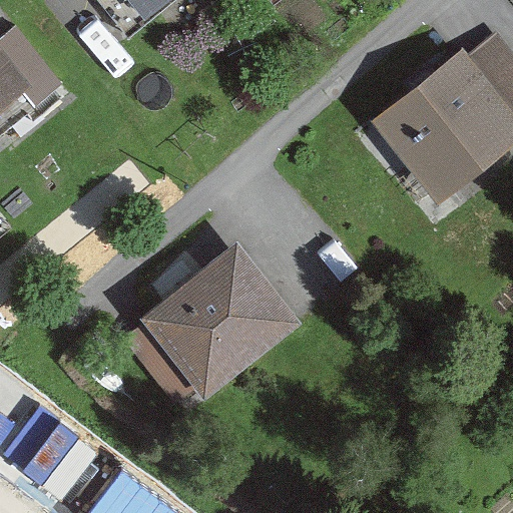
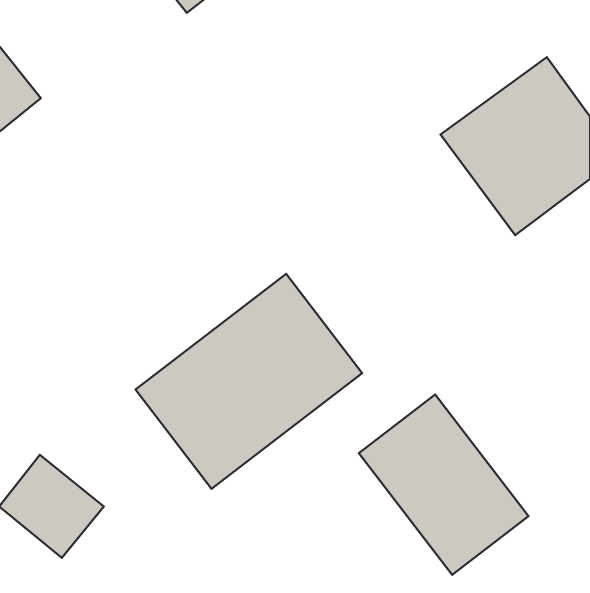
building: none -> [359,394,528,575]

